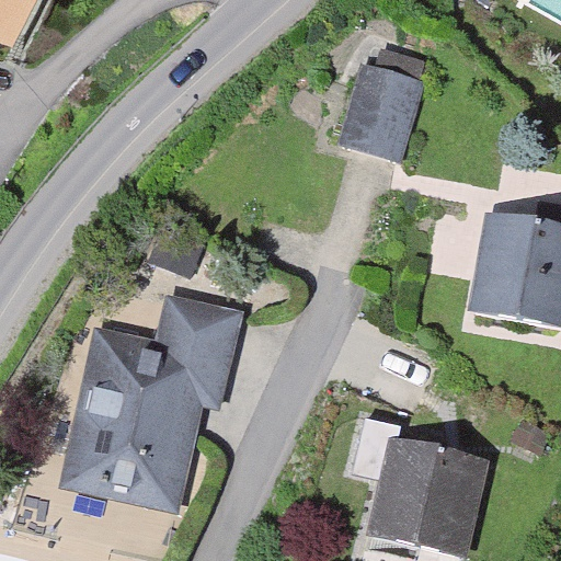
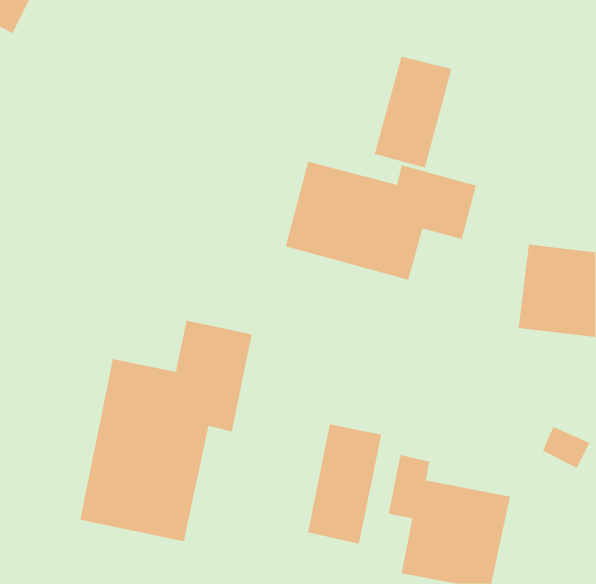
building: none -> [285,161,477,281]
building: none -> [308,423,382,544]

